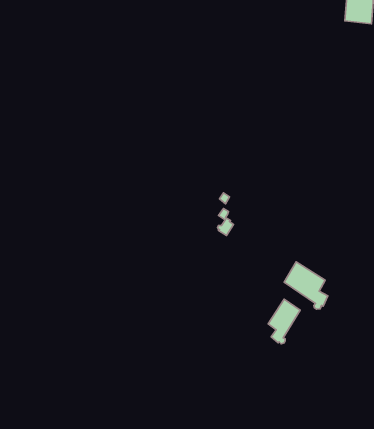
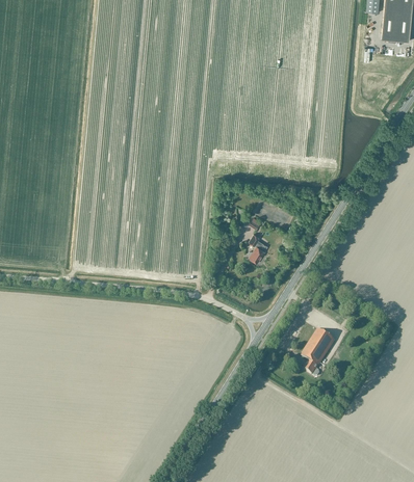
building: [284,262,328,309] -> none

